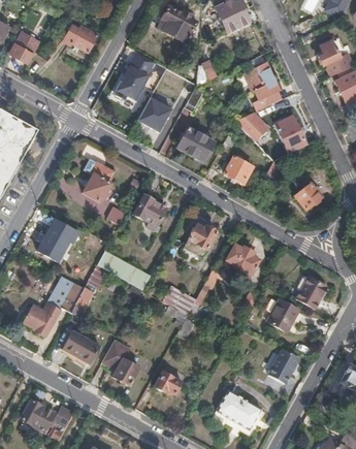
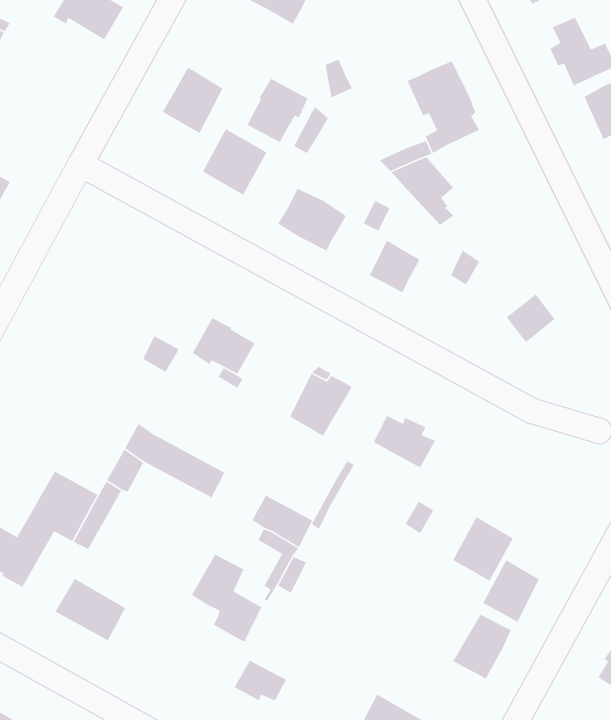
building: none -> [247,78,308,143]
building: [278,120,304,147] -> none
building: [83,163,116,202] -> none
building: [37,218,78,259] -> none
building: [297,277,327,310] -> [482,559,540,623]
building: [101,340,138,386] -> [191,553,262,643]

